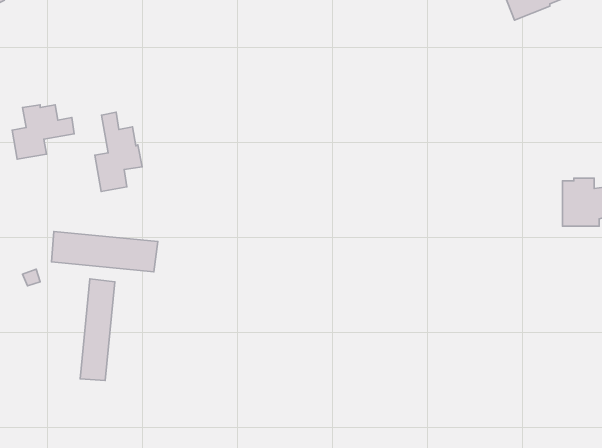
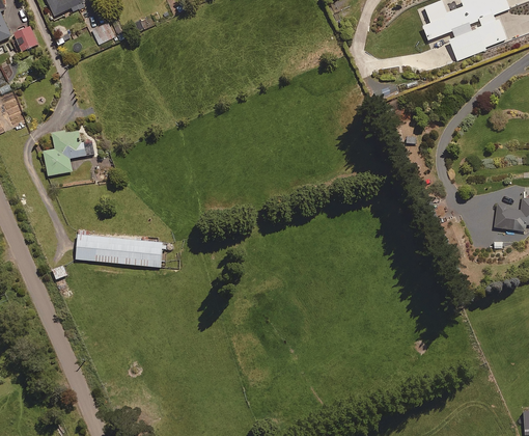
building: [95,112,142,191] -> none
building: [80,279,115,380] -> none

